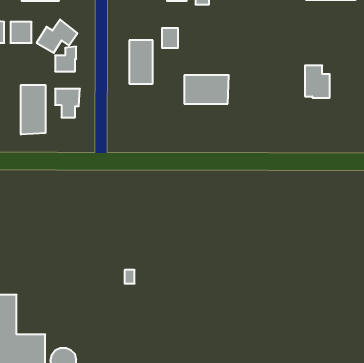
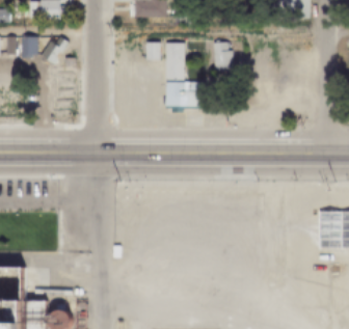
building: [129,40,153,84] -> [164,44,184,80]
building: [305,65,330,98] -> [213,44,234,71]
building: [21,85,45,135] -> none

